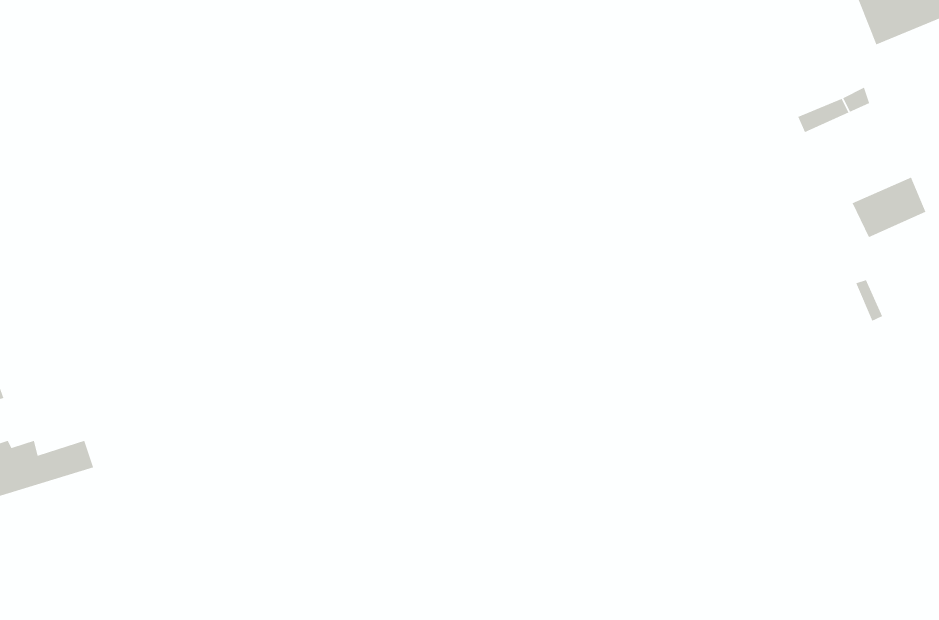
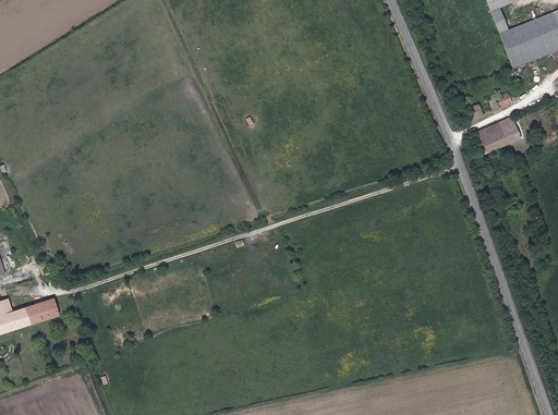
building: [852,177,926,238] -> [476,118,520,154]

